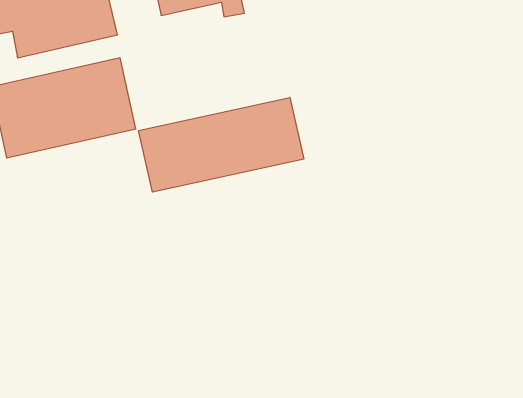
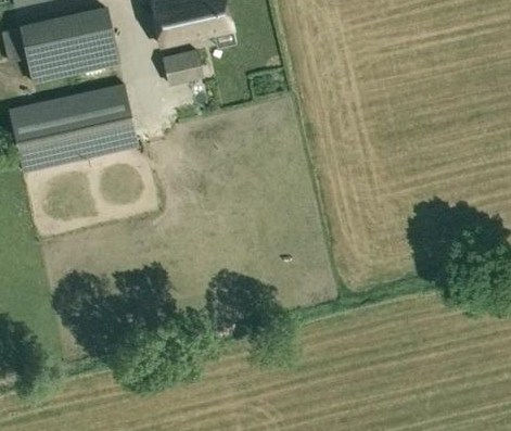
building: none -> [163,49,203,84]
building: [139,97,304,192] -> none

